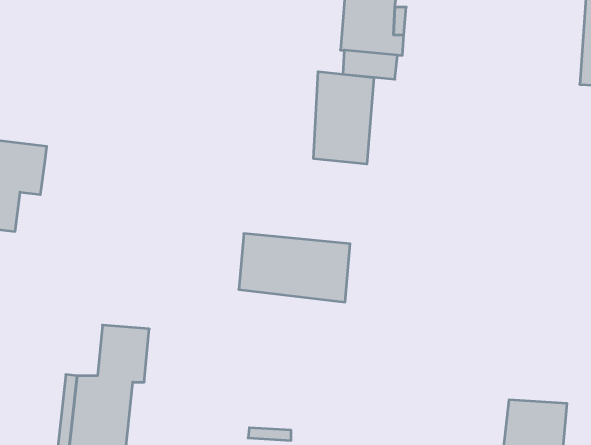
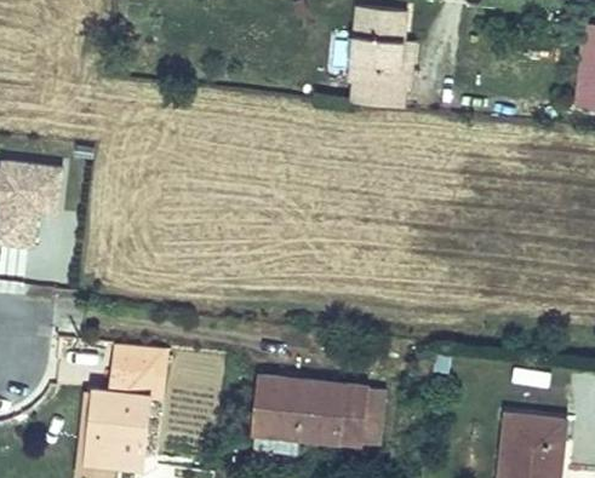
building: [314,72,374,164] -> none
building: [239,234,350,302] -> [262,381,368,447]

